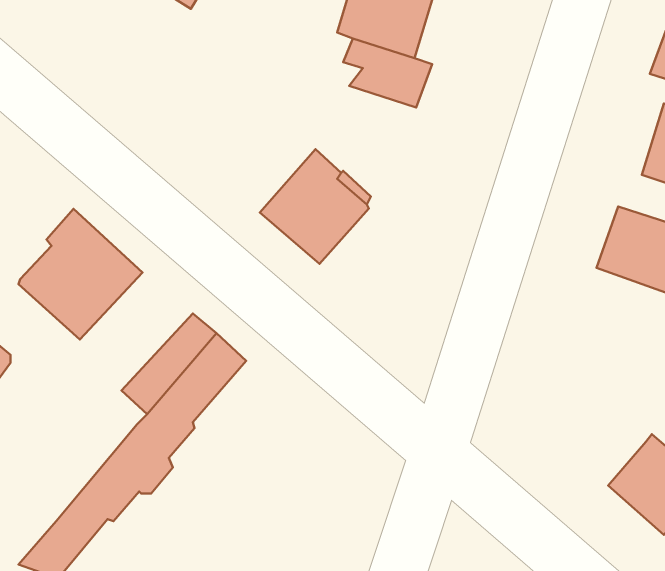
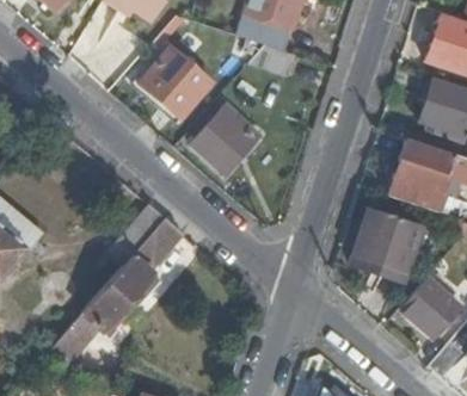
building: none -> [140,48,211,119]
building: [18,209,142,340] -> none
building: none -> [352,208,423,273]

